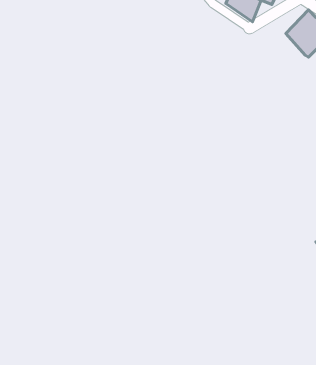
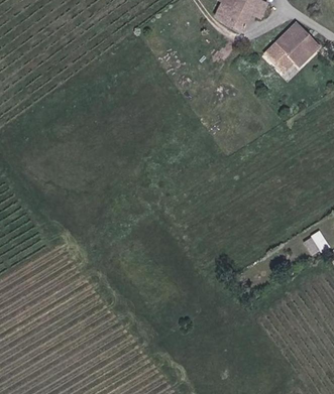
building: none -> [264,44,293,74]

